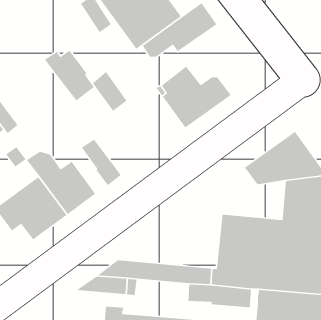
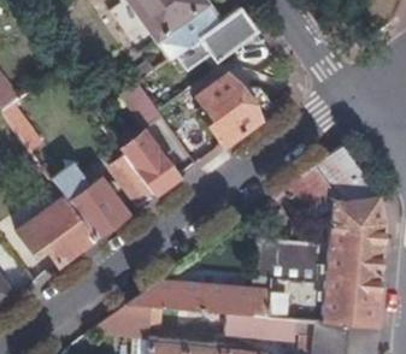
building: [44,50,95,102] -> [120,137,176,194]

